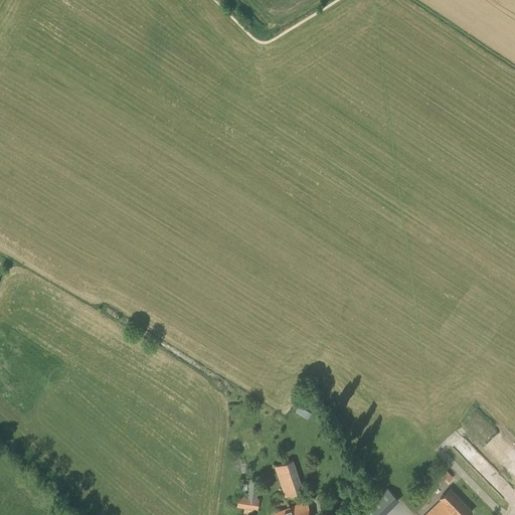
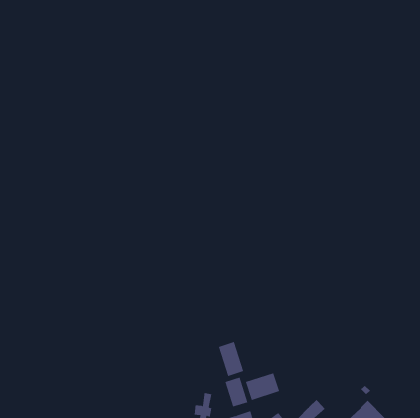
building: none -> [218,341,244,377]
building: none -> [245,373,280,401]

